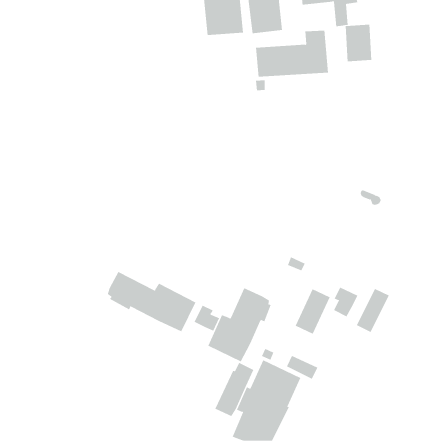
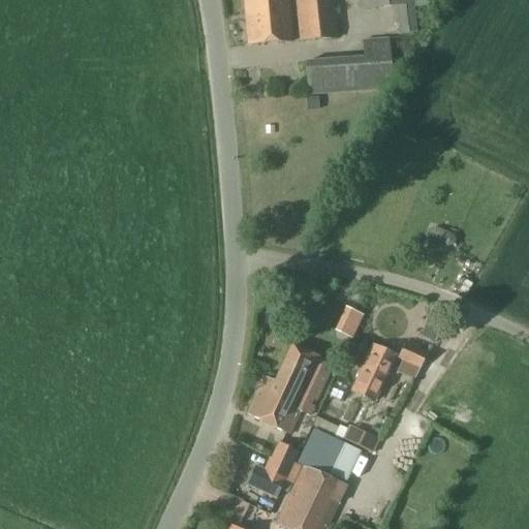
building: [345,24,372,62] -> none
building: [107,271,196,332] -> none
building: [356,288,389,333] -> none
building: [194,305,220,331] -> none

